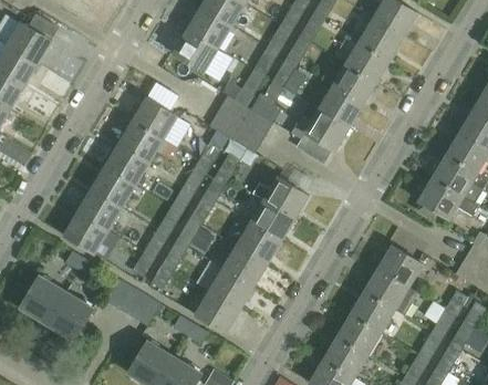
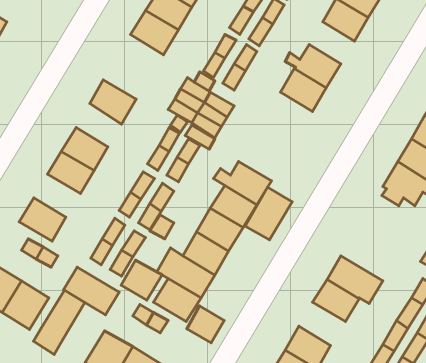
building: [345,40,390,81] -> none
building: [290,108,349,150] -> none
building: [118,119,163,162] -> none
building: [77,188,123,230] -> none
building: none -> [245,187,292,240]
building: [376,244,422,292] -> none
building: none -> [121,260,162,300]
building: none -> [33,290,85,354]
building: [335,313,381,355] -> none
building: none -> [187,306,224,343]

